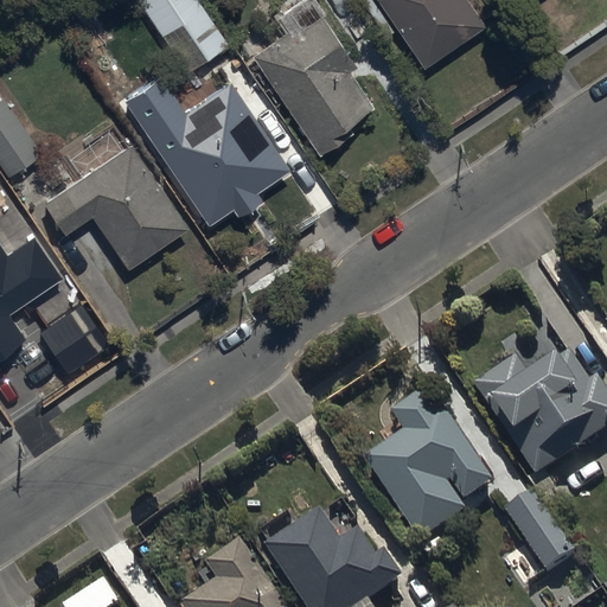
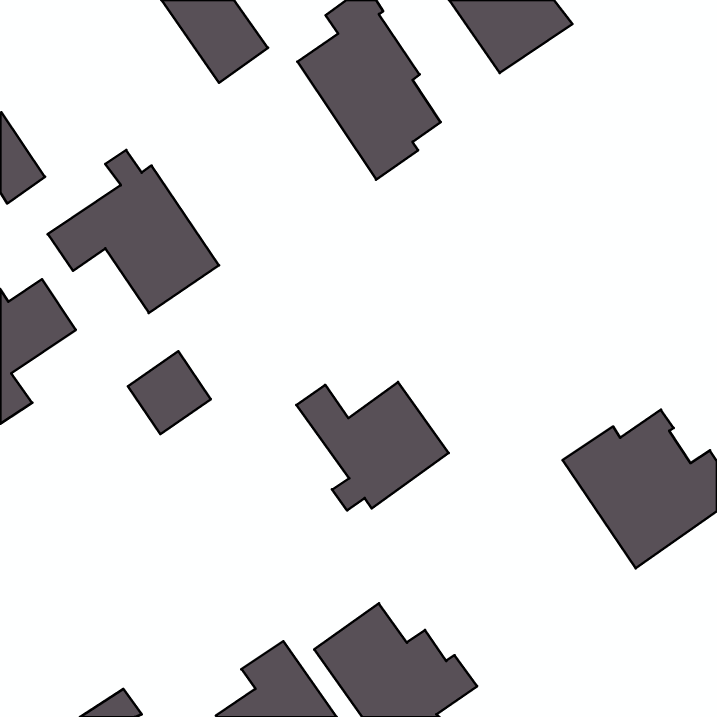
building: [126,78,290,226] -> none
building: [40,305,110,375] -> [128,351,211,434]
building: none -> [296,382,449,510]
building: [362,394,494,543] -> none
building: [506,478,575,571] -> none

